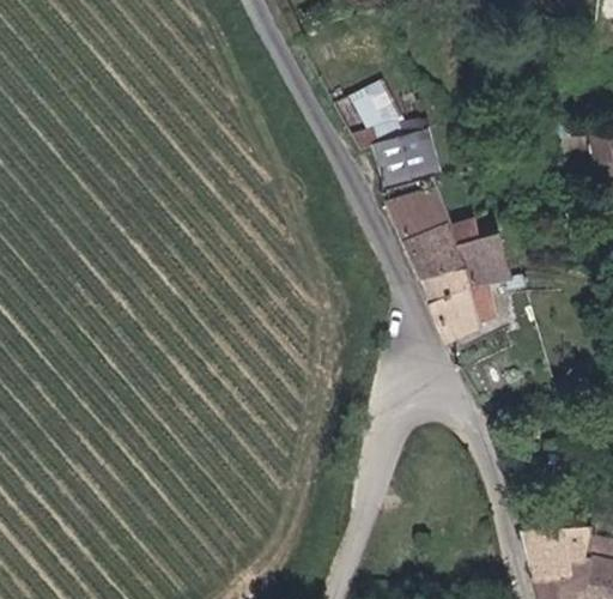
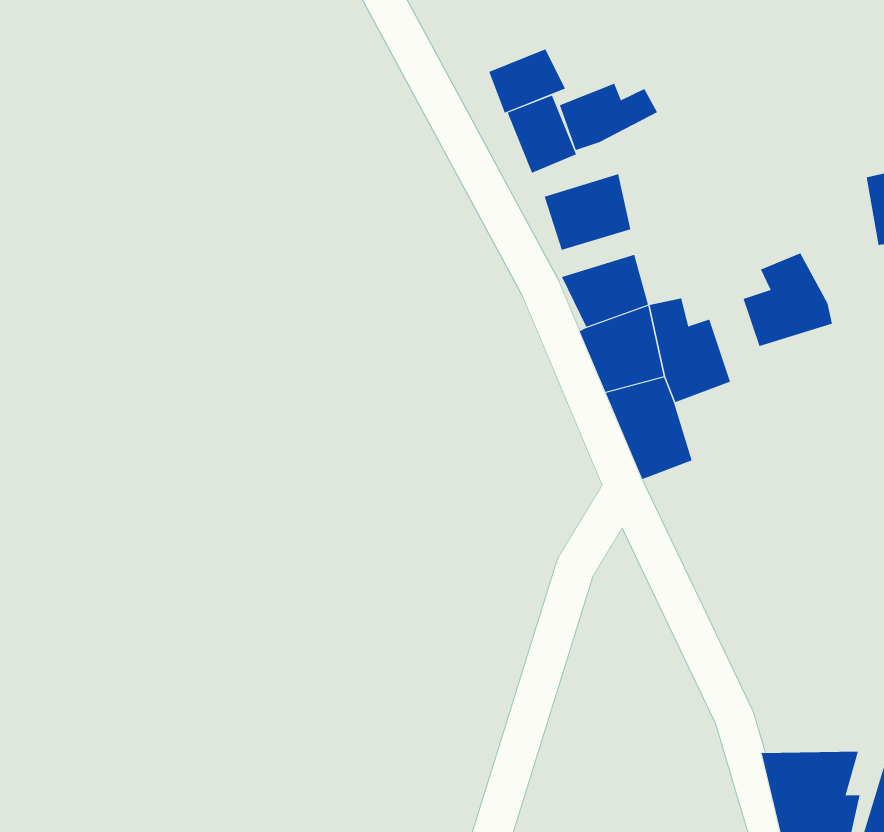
building: none -> [489,48,566,113]
building: none -> [559,83,658,151]
building: none -> [743,253,833,347]

